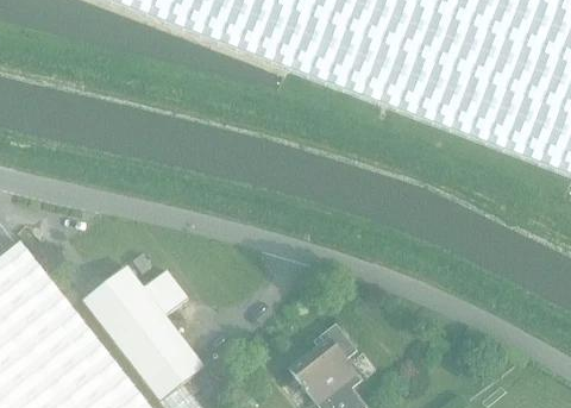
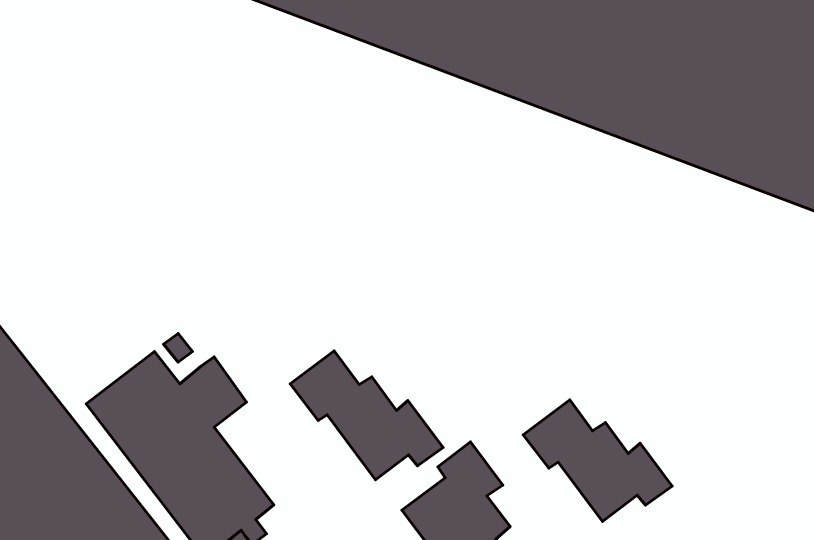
building: none -> [290,351,443,480]
building: none -> [523,400,672,521]

